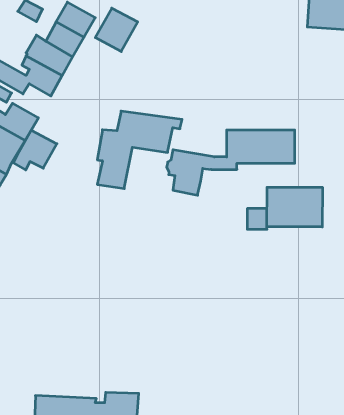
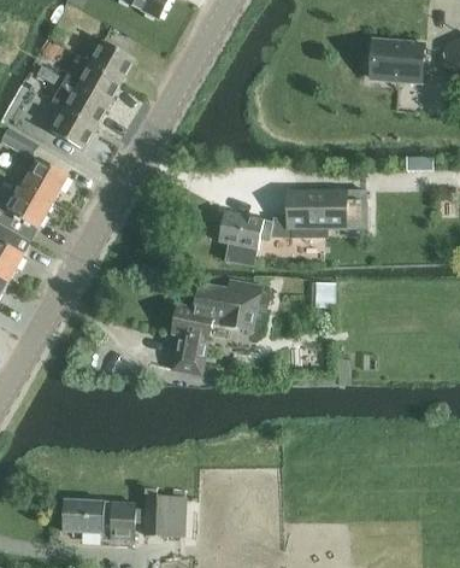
building: [95,8,138,52] -> none
building: [97,111,182,189] -> [171,282,270,373]
building: [13,130,57,170] -> none
building: [267,187,322,227] -> none

